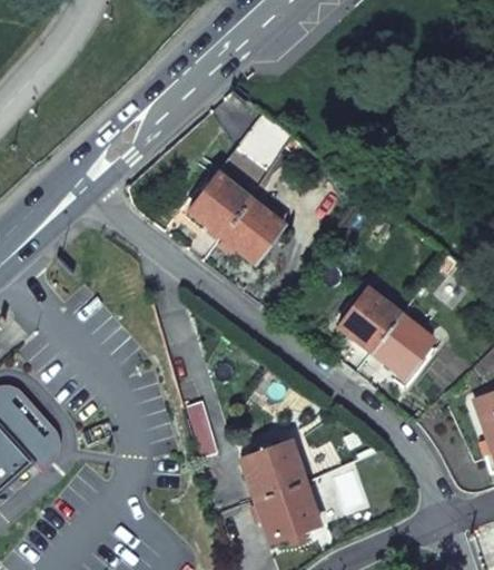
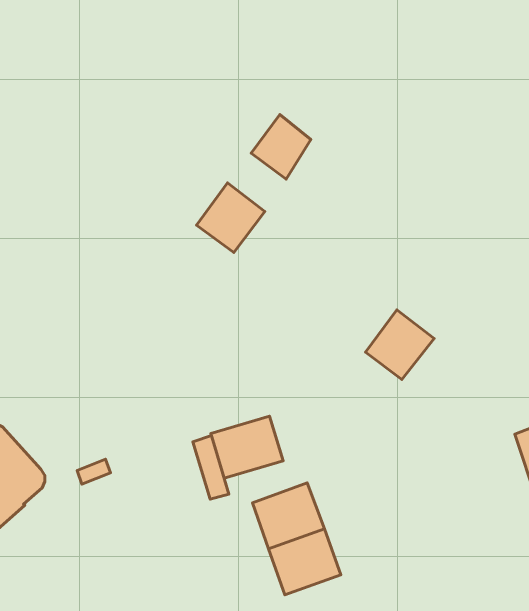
building: [221,199,281,261] -> none
building: [372,313,434,374] -> none
building: none -> [211,416,283,478]

